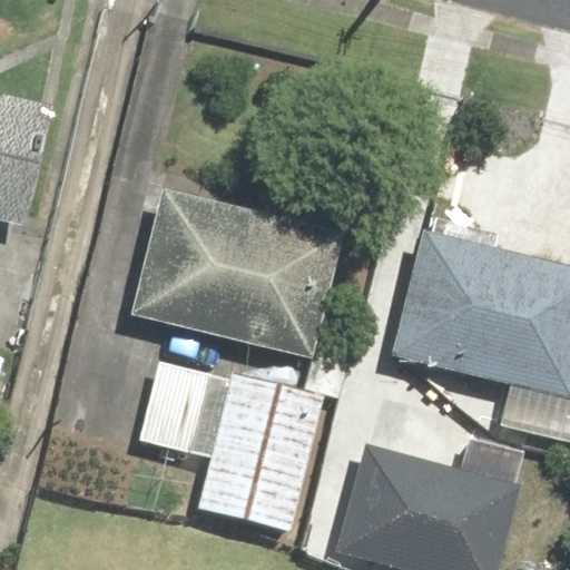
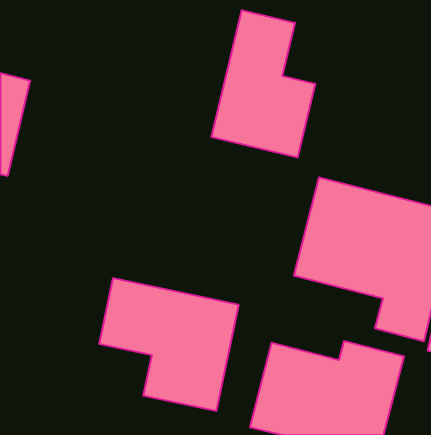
building: none -> [212,10,315,158]
building: [129,188,341,358] -> none

